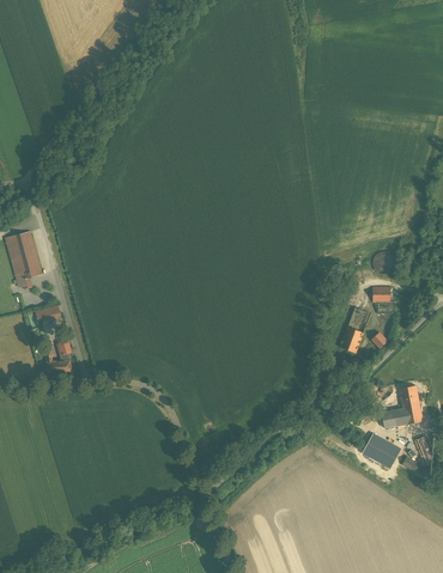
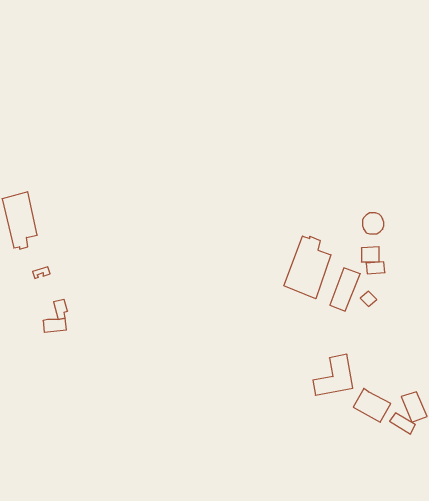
building: none -> [284,236,331,299]
building: [384,385,425,427] -> [313,354,353,395]

